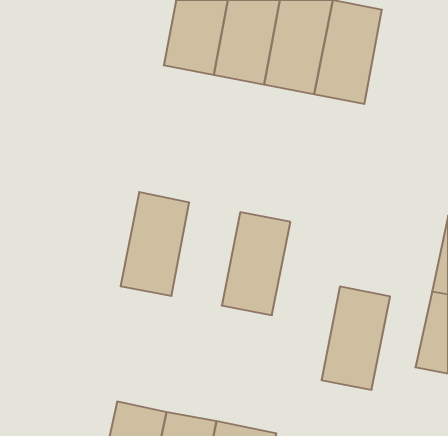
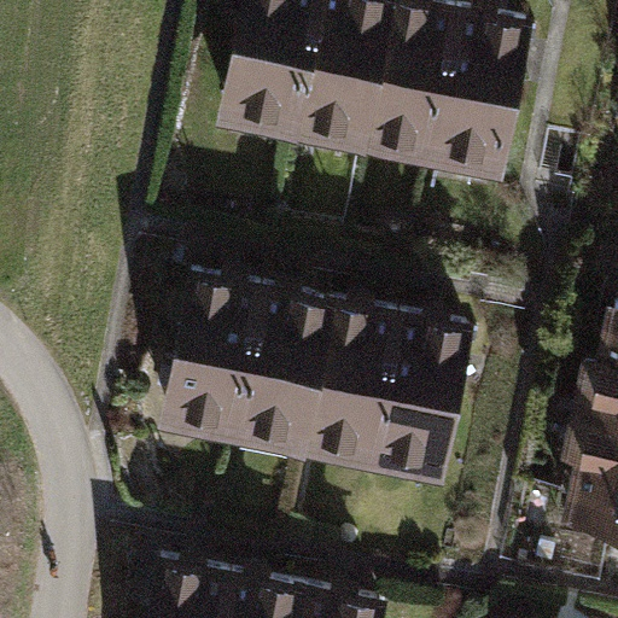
building: none -> [235,297,330,438]
building: [321,287,390,390] -> [373,323,467,465]

